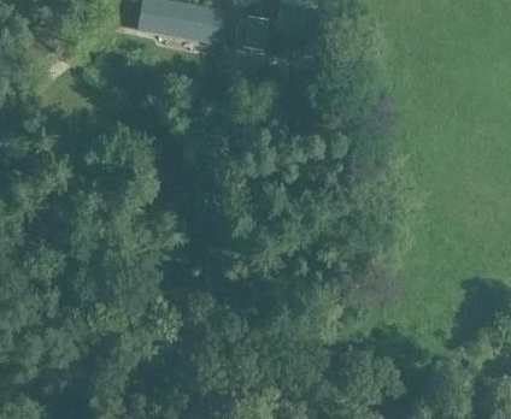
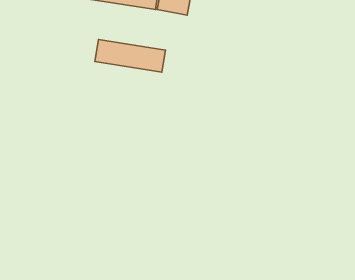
building: none -> [95,39,166,72]

